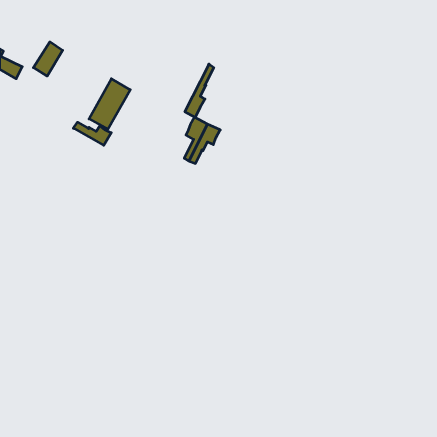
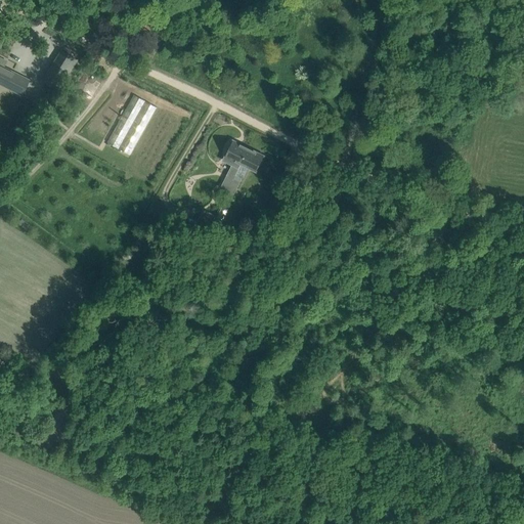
building: [185,64,214,118] -> none
building: [73,122,111,145] -> none

